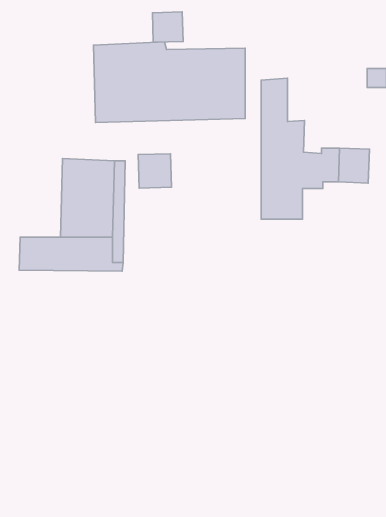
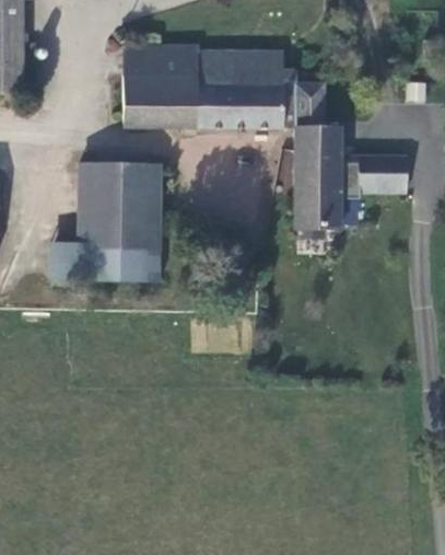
building: [152,12,183,42] -> none
building: [138,154,172,188] -> none

